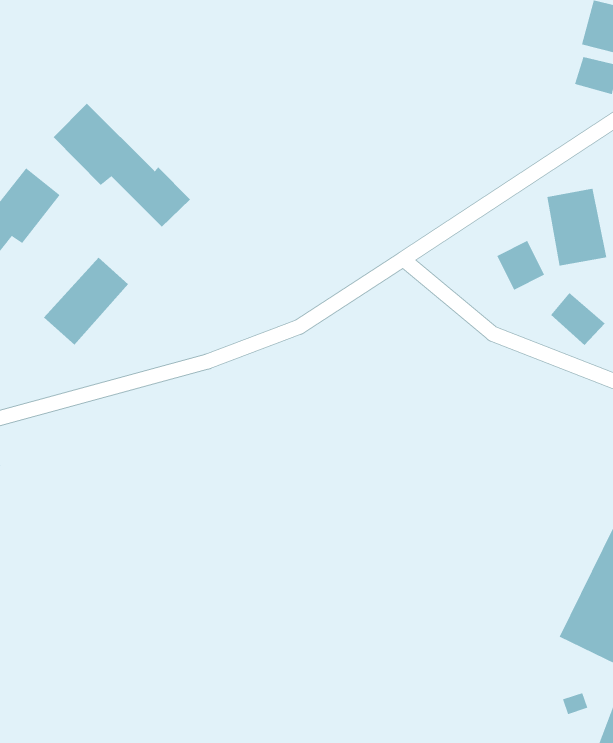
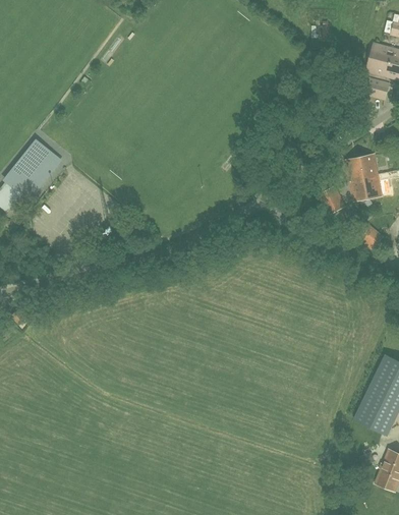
building: [53,103,191,227] -> none
building: [43,257,129,346] -> none

